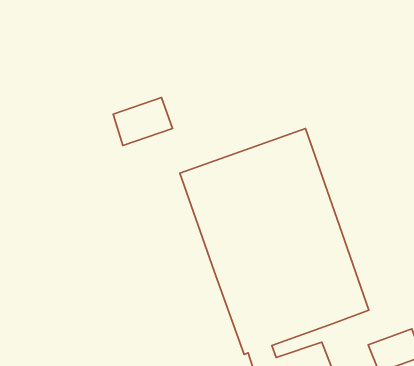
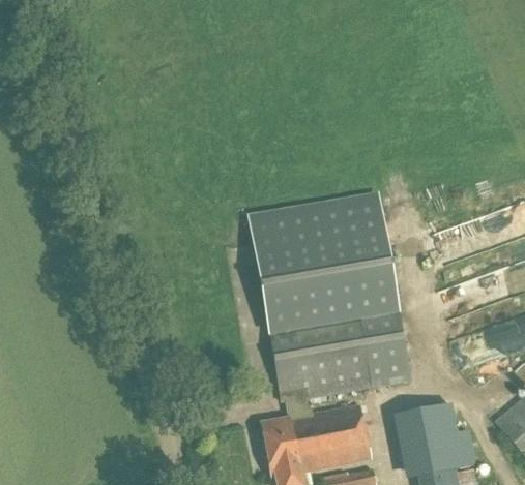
building: [113,97,172,146] -> none

